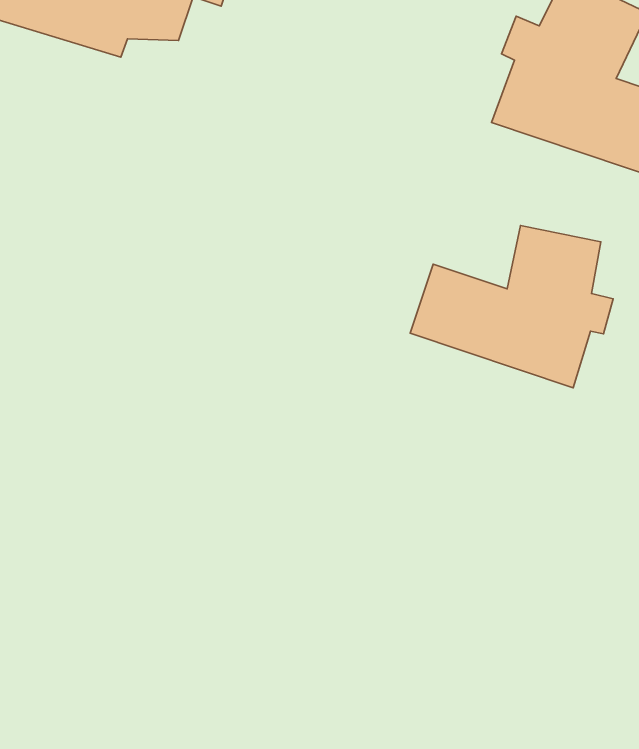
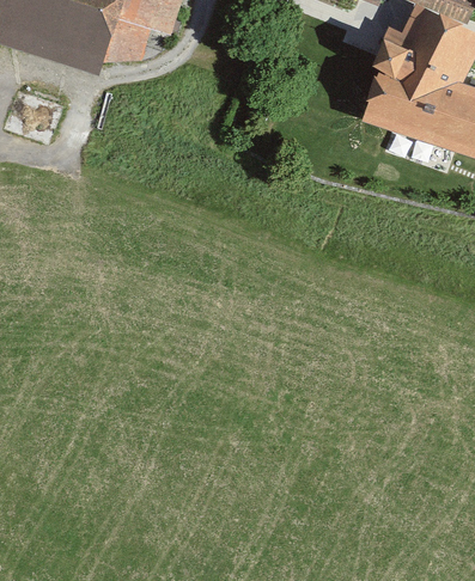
building: [410,225,613,388] -> none

